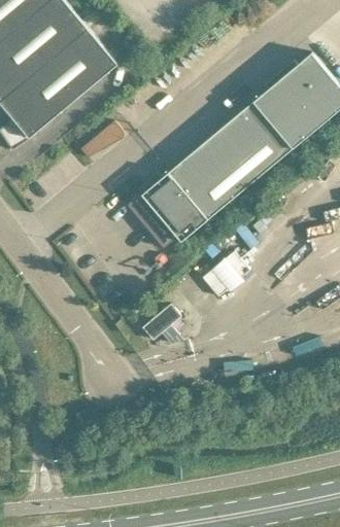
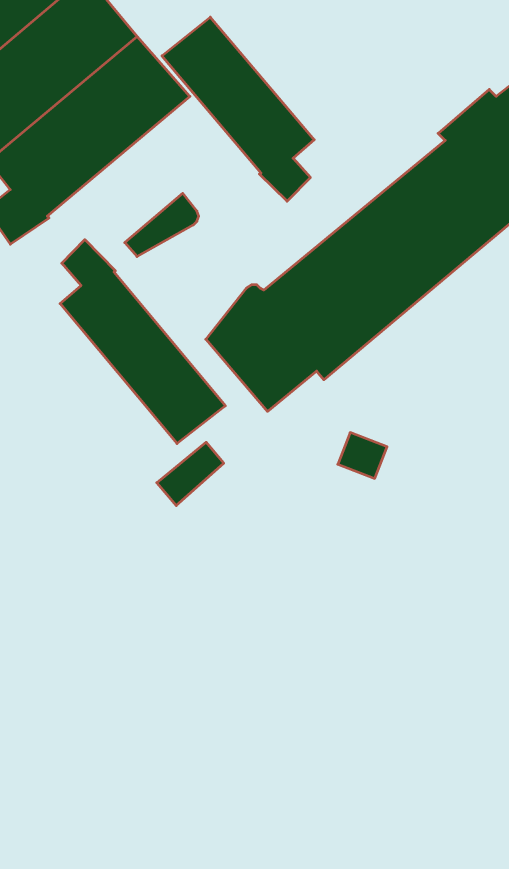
building: none -> [162,17,314,201]
building: none -> [60,240,225,444]
building: [142,303,181,340] -> [157,442,224,506]

